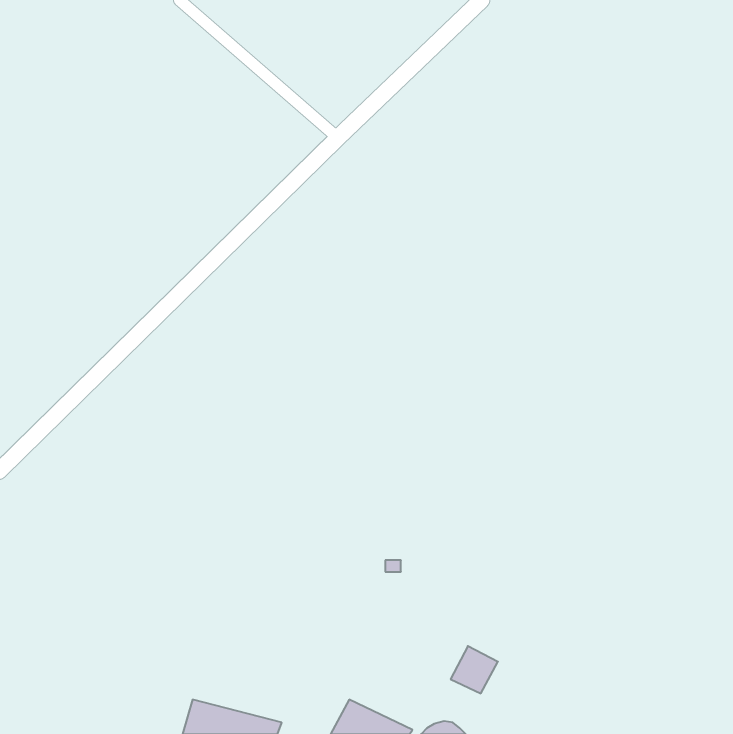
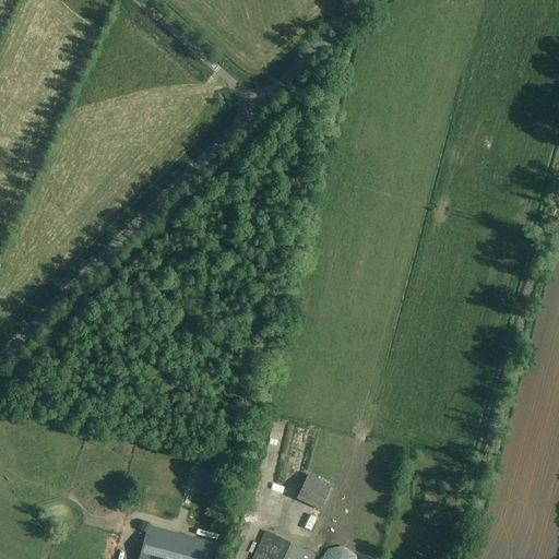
building: [451,646,498,693] -> [296,473,332,509]

